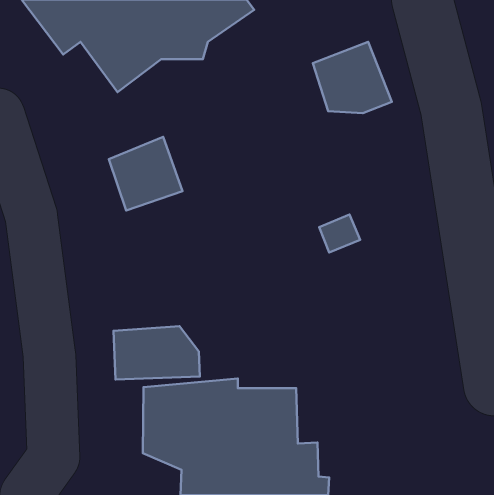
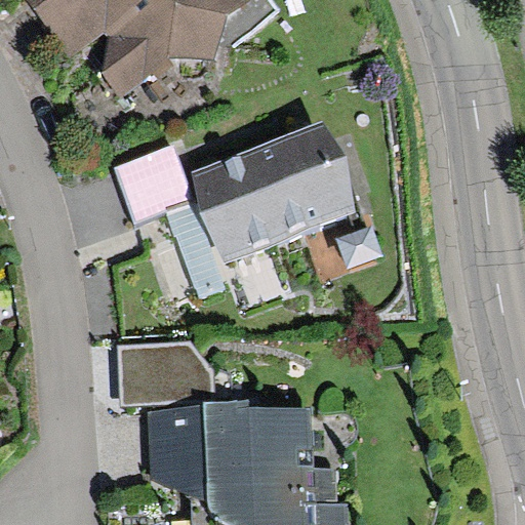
building: [313,42,392,113] -> none
building: none -> [189,120,358,265]

